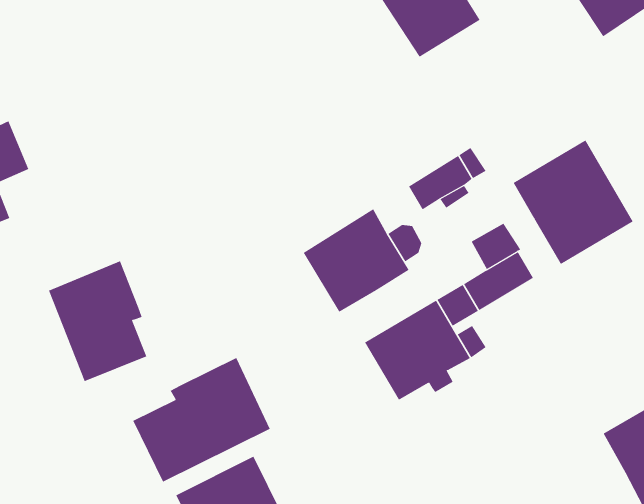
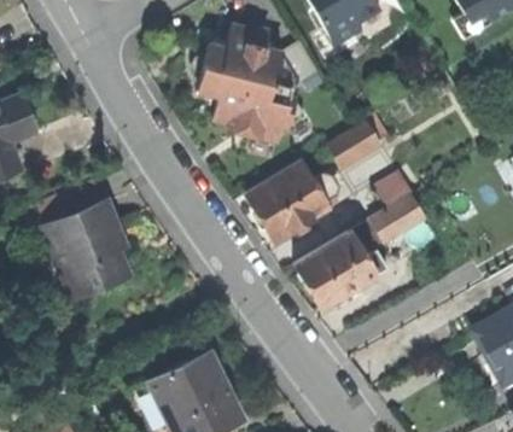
building: none -> [196,27,317,139]
building: [513,140,633,265] -> none
building: [133,357,271,482] -> none

